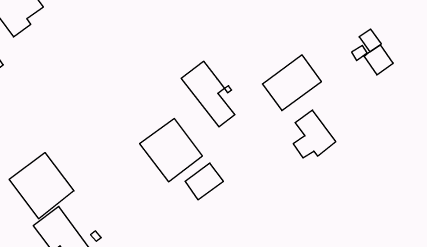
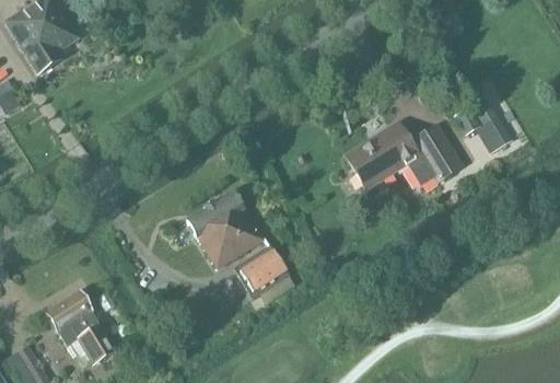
building: [181,61,235,127] -> none
building: [293,110,336,158] -> [408,125,462,184]
building: [9,153,74,219] -> none

